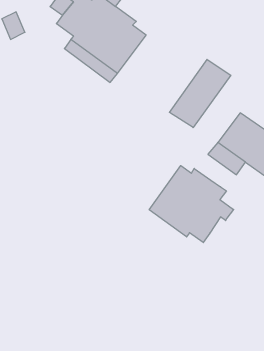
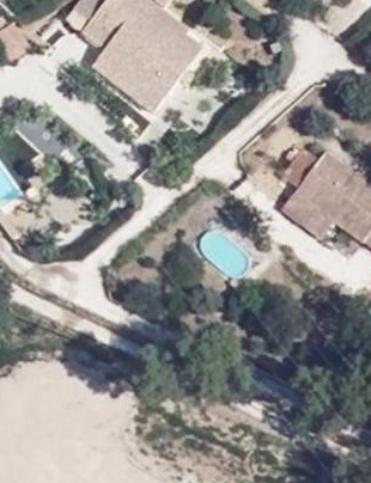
building: [169,59,231,128] -> none
building: [149,166,234,243] -> none

